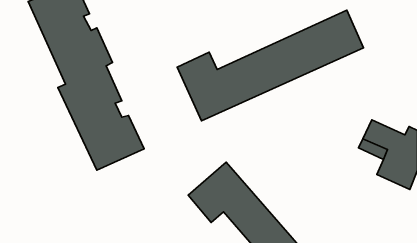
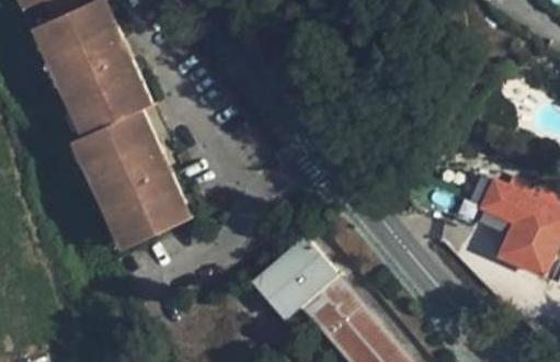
building: [177,10,364,121] -> none

